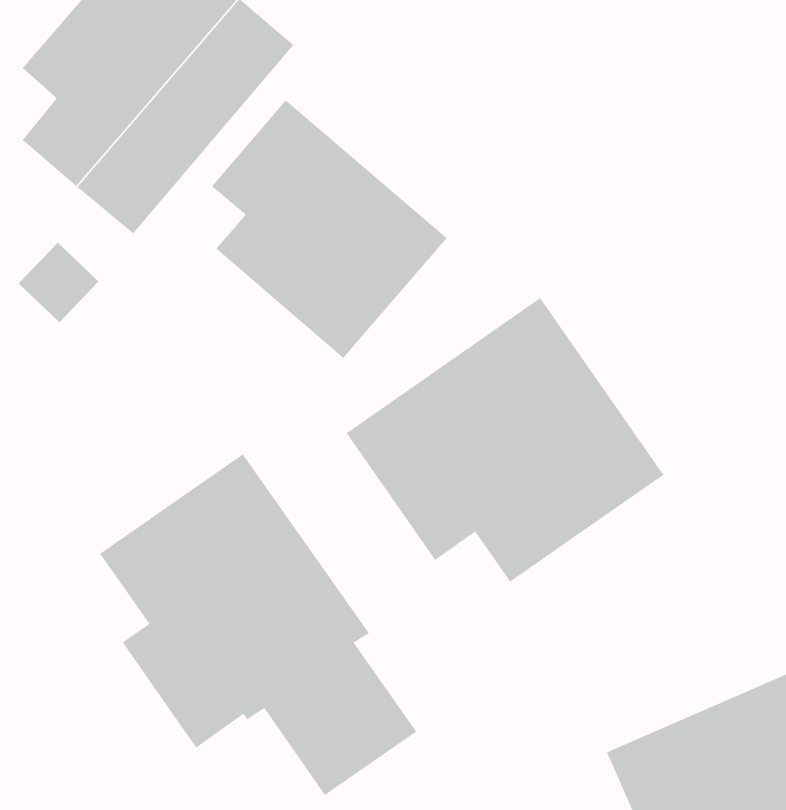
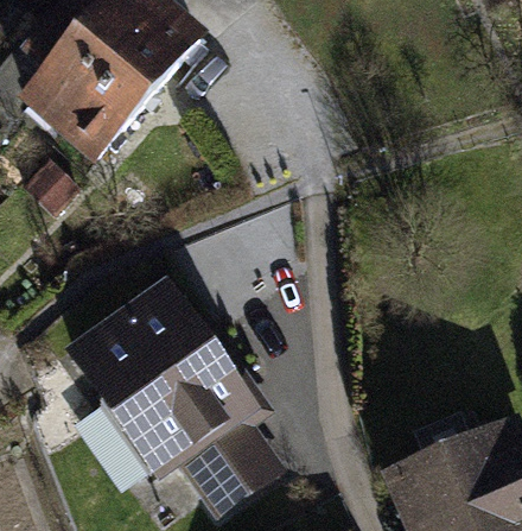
building: [211,99,447,359] -> none
building: [346,297,664,583] -> none

